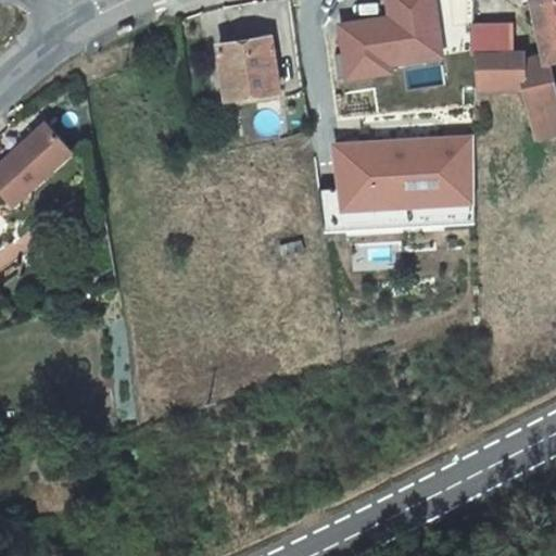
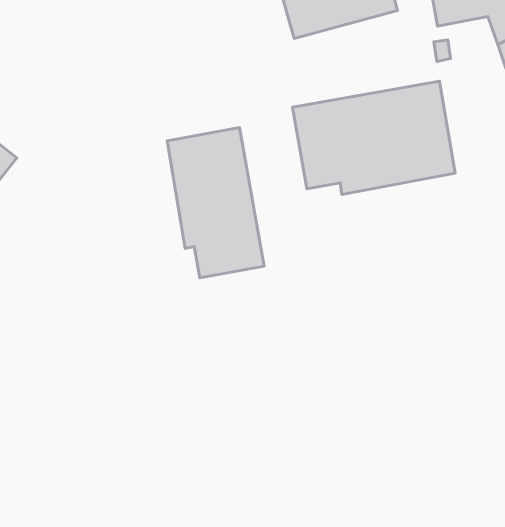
building: [230,42,286,94] -> none
building: none -> [167,127,264,278]

